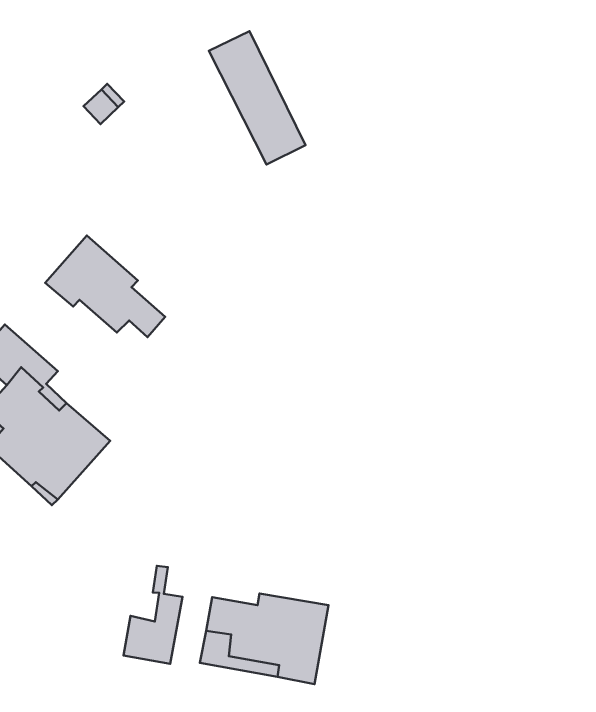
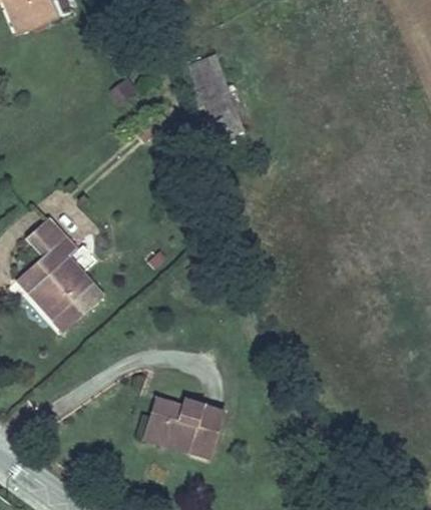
building: [45,235,165,337] -> none
building: [124,566,182,664] -> none

